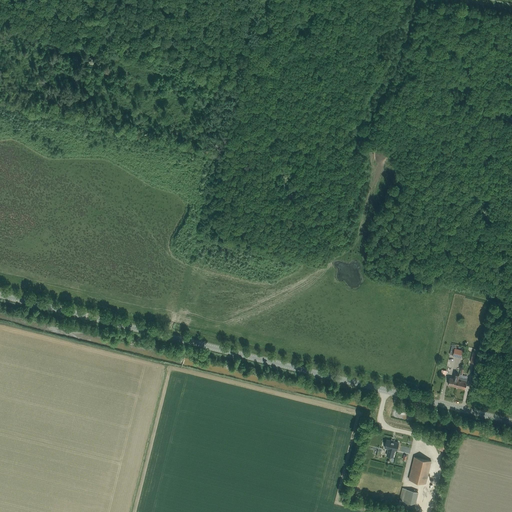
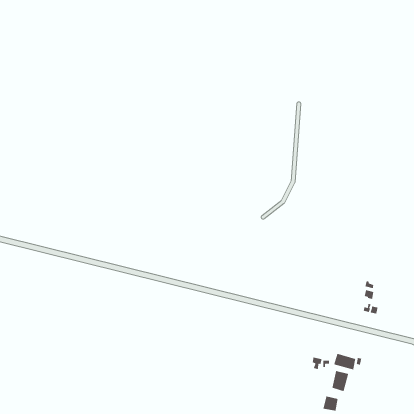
building: none -> [333,353,356,370]

